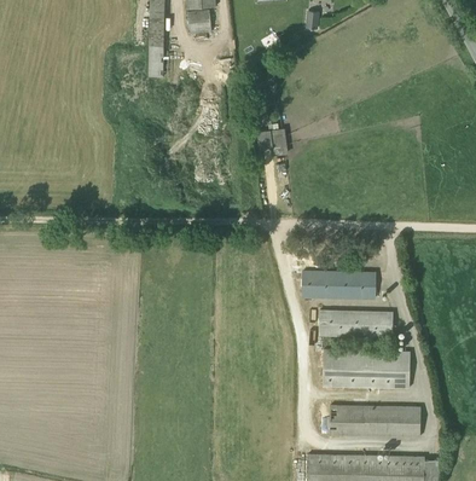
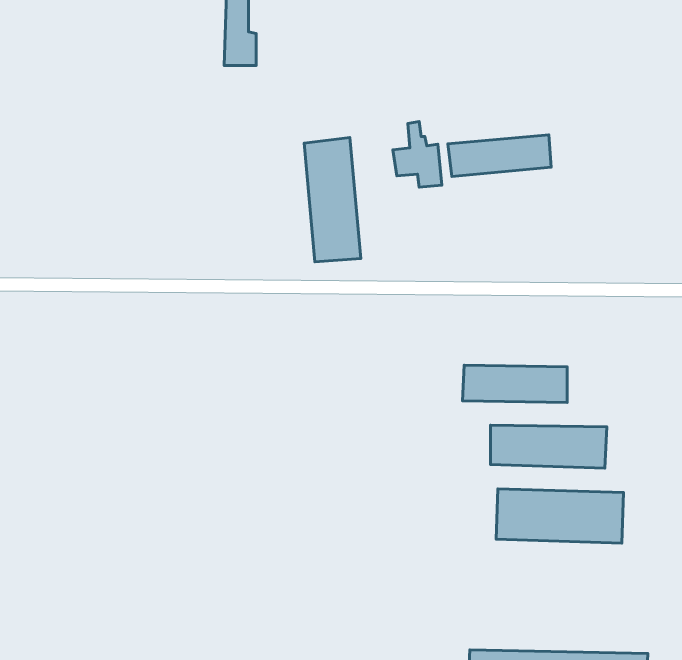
building: none -> [448,135,551,176]
building: none -> [304,138,361,262]
building: [329,406,414,430] -> none

